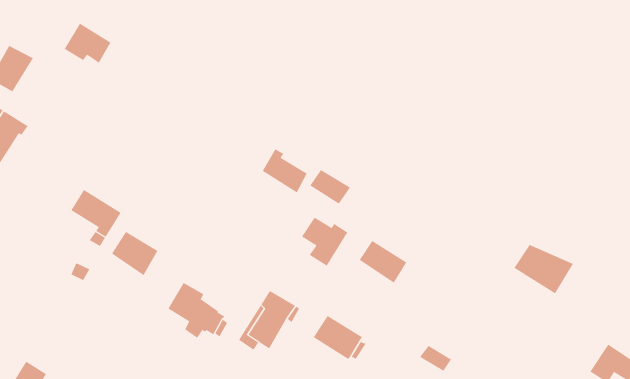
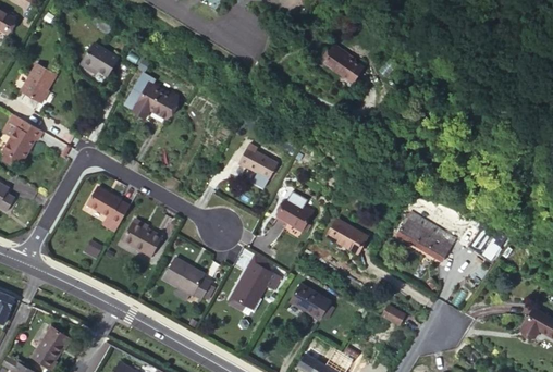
building: none -> [323,46,361,80]
building: none -> [135,74,188,127]
building: [310,169,351,204] -> none
building: none -> [392,219,451,269]

